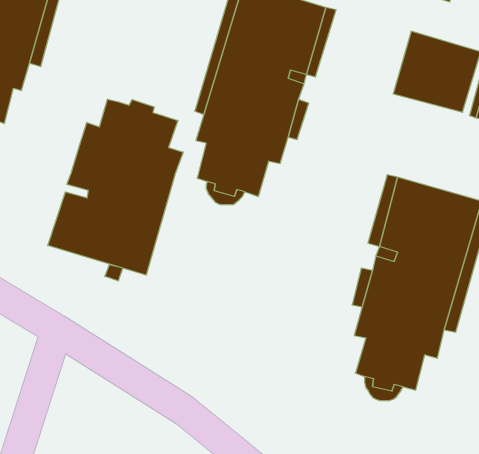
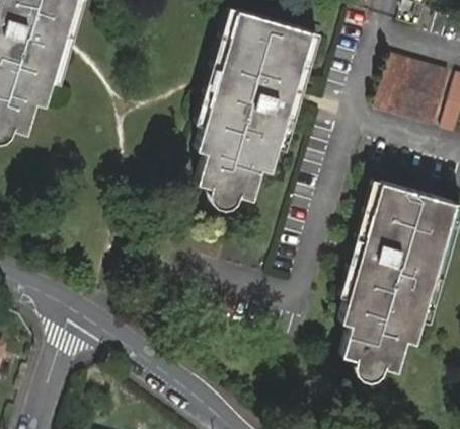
building: [48,99,183,275] -> none

